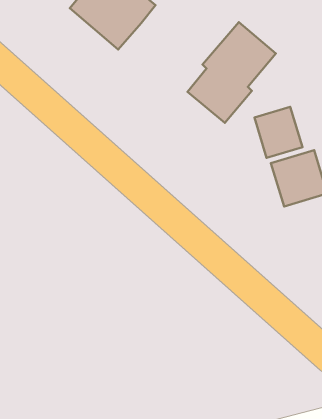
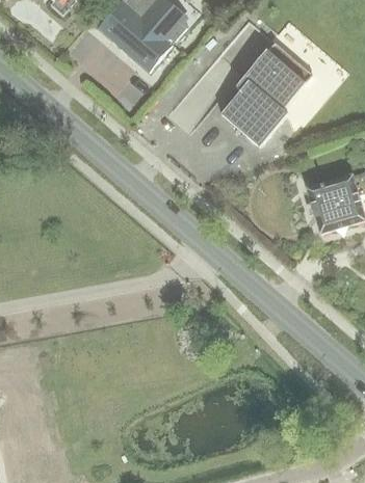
building: [254,107,302,158] -> none

